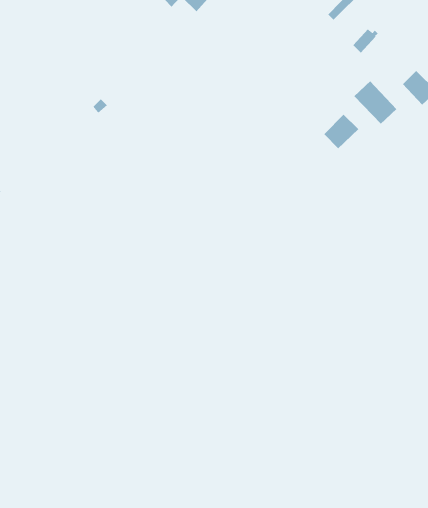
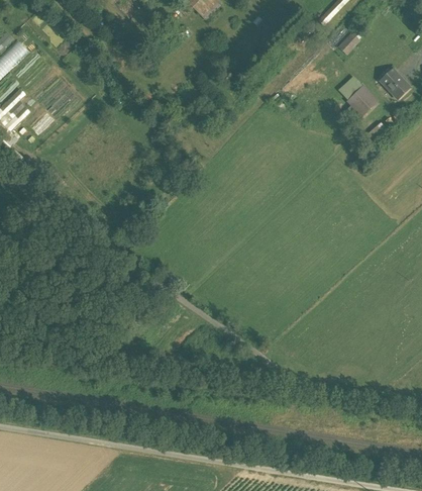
building: [324,114,359,149] -> none

